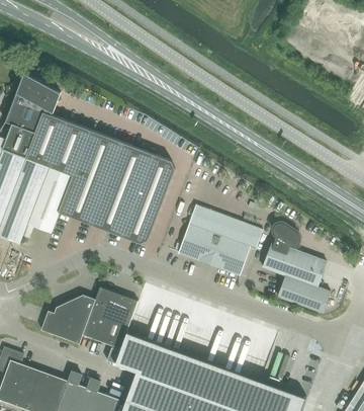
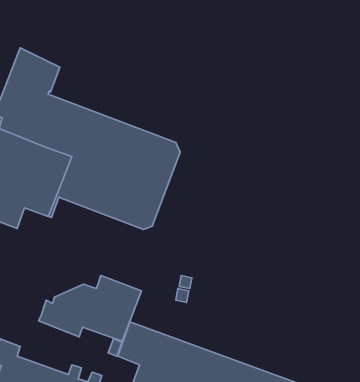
building: [178,204,263,275] -> none
building: [262,223,331,313] -> none

